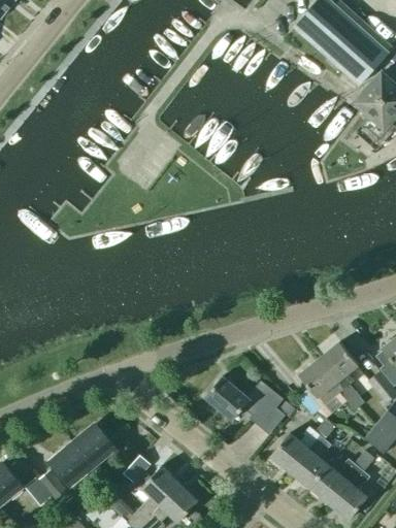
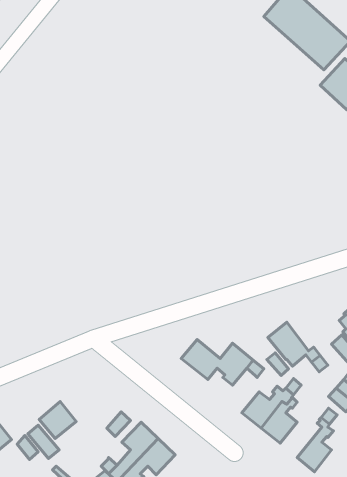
building: [320,341,359,389] -> none
building: [74,425,114,465] -> none
building: [312,458,358,504] -> none

